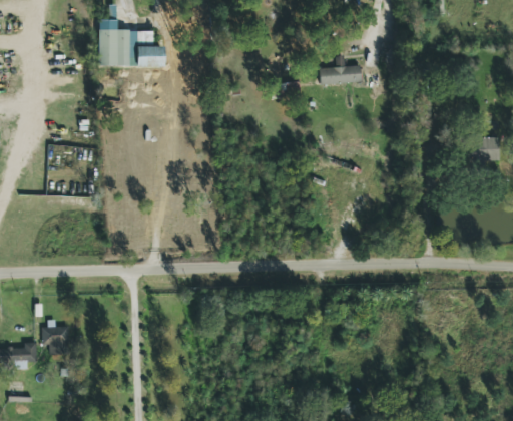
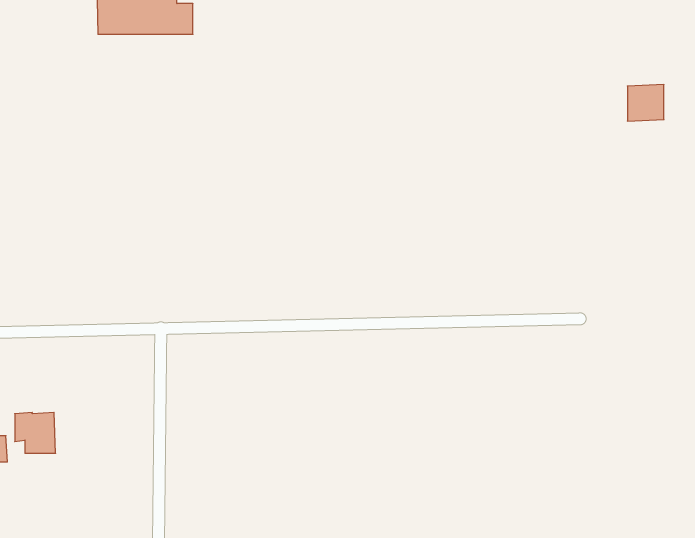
building: [320,61,361,84] -> none
building: [474,137,499,162] -> [627,85,664,121]

